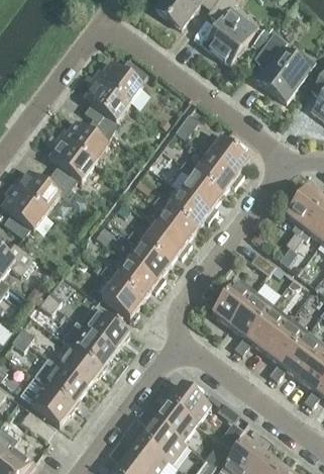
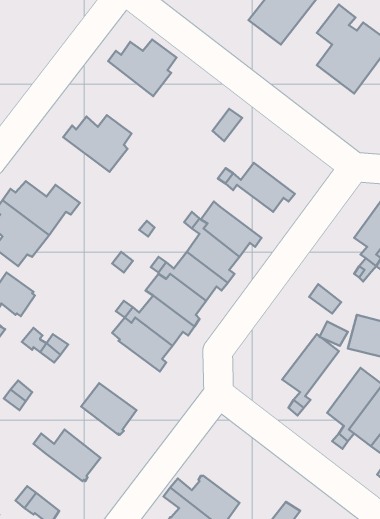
building: [83,77,128,133] -> none
building: [199,132,248,181] -> none
building: [48,136,94,188] -> none
building: [181,174,222,215] -> none
building: [212,281,256,326] -> none
building: [247,304,291,353] -> none
building: [79,305,129,351] -> none
building: [59,348,101,388] -> none
building: [167,383,210,423] -> none
building: [30,385,74,425] -> none

